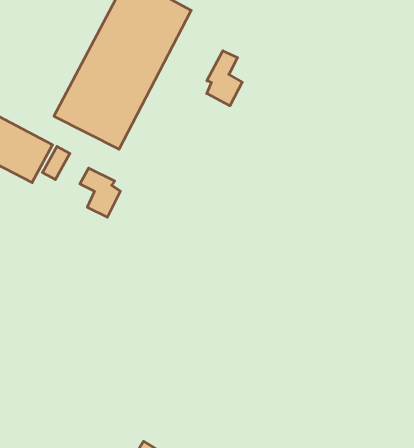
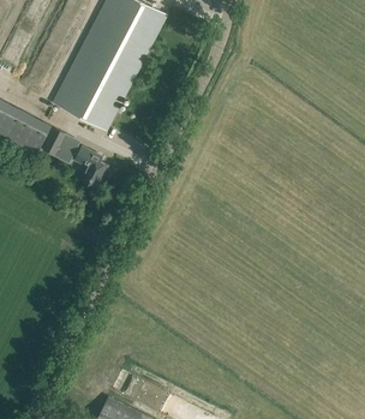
building: [207,51,242,106] -> none

